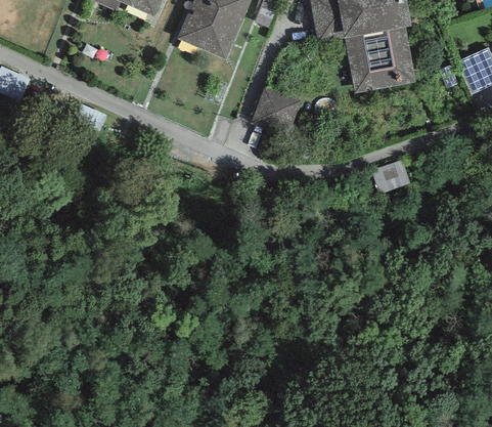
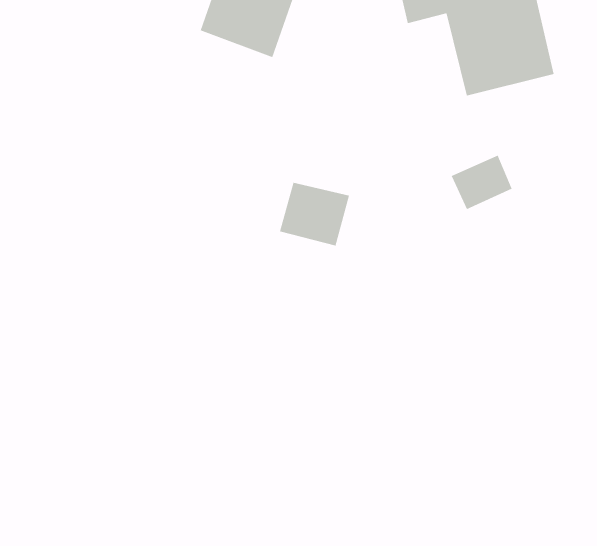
building: [257,87,306,132] -> [279,182,350,246]
building: [370,158,411,194] -> [451,155,512,210]

